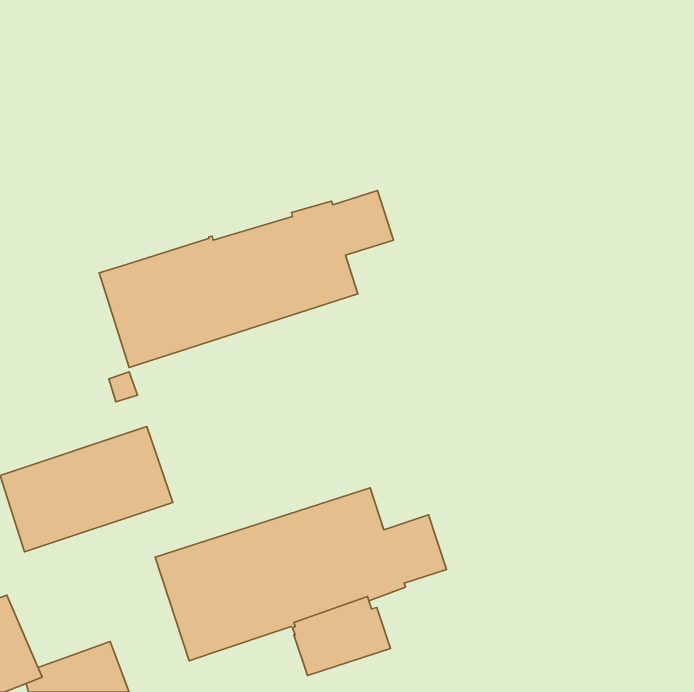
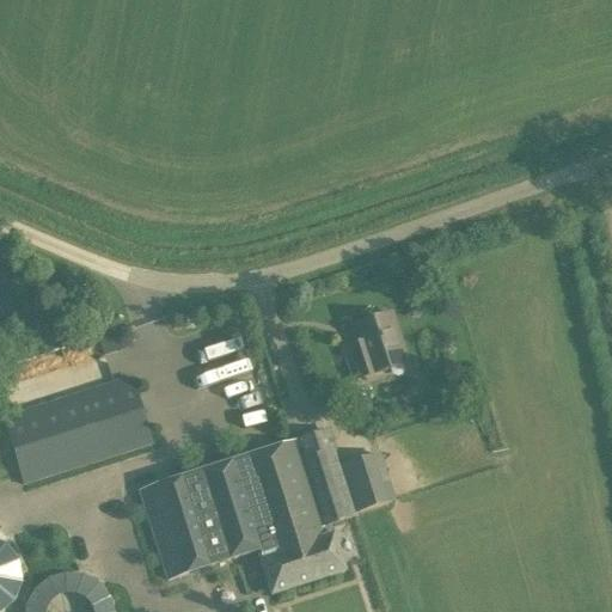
building: [99,190,393,368] -> none
building: none -> [339,311,408,380]

